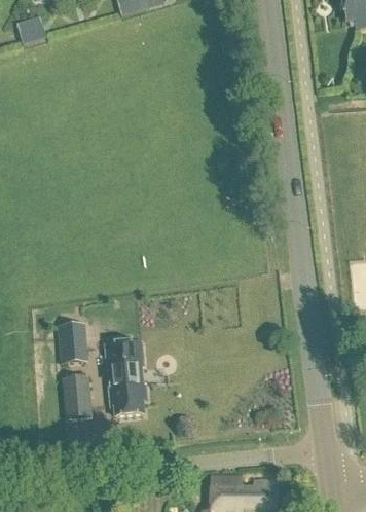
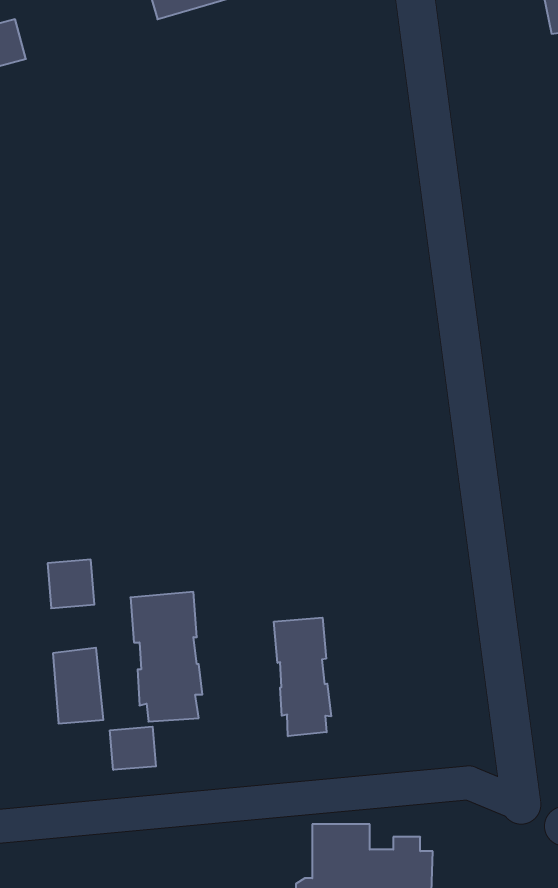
building: none -> [274,618,331,736]
building: none -> [110,727,156,770]

